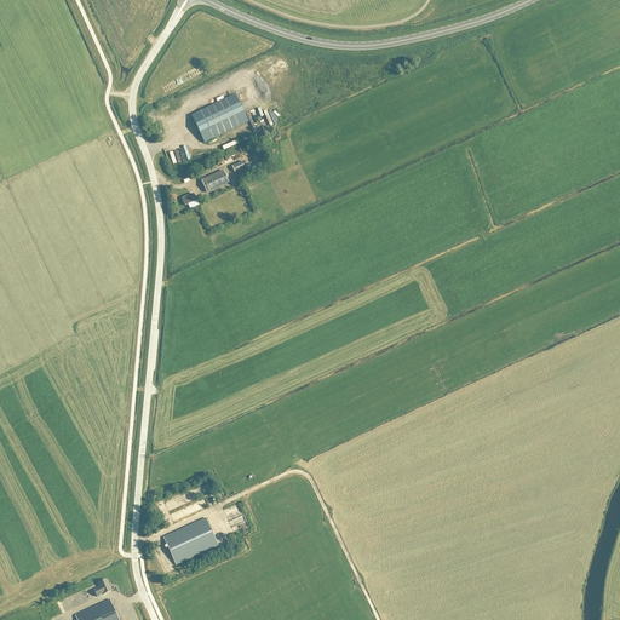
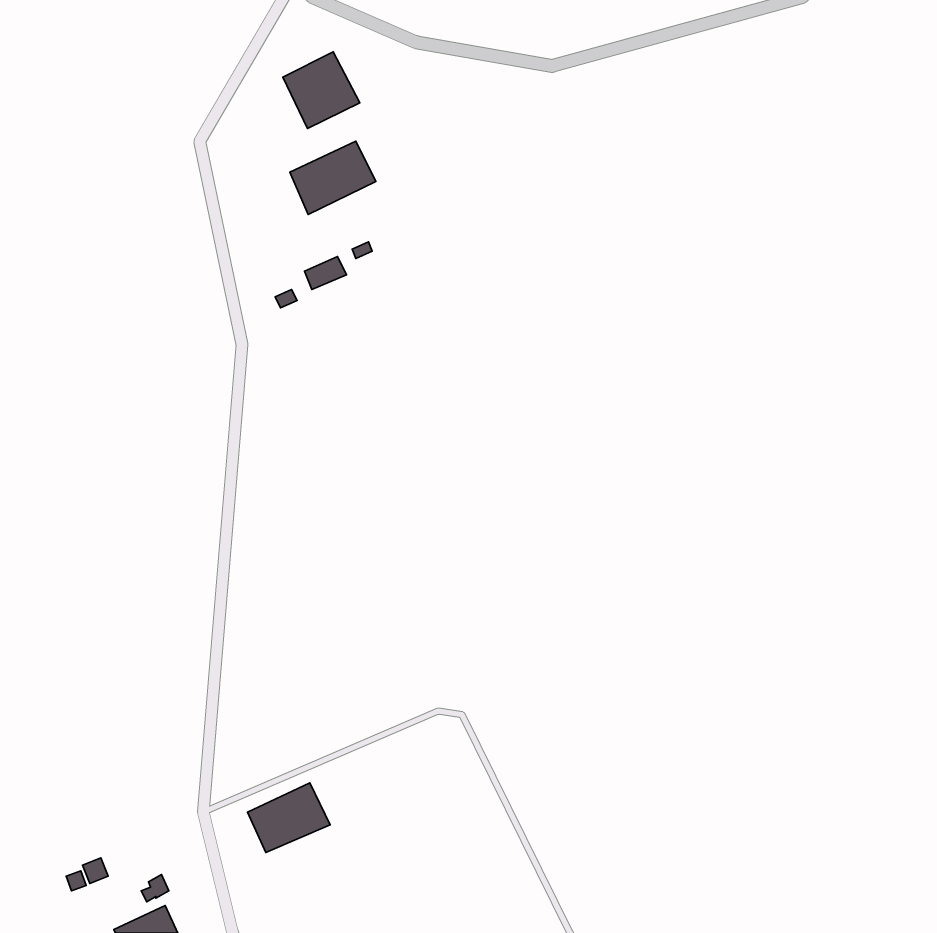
building: none -> [283,52,360,128]

